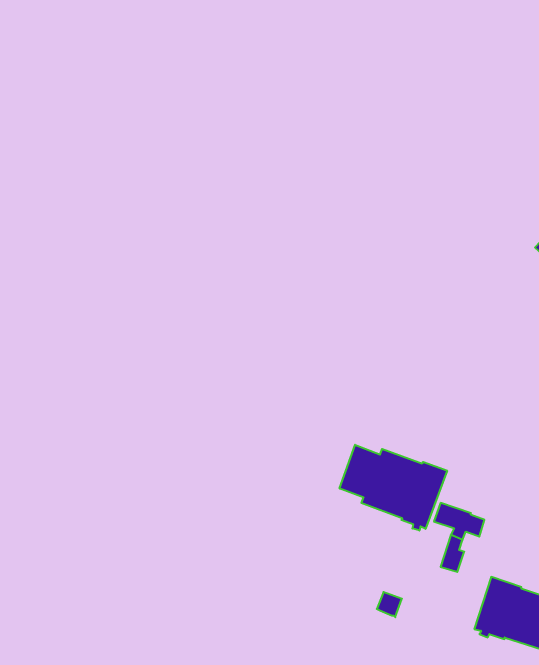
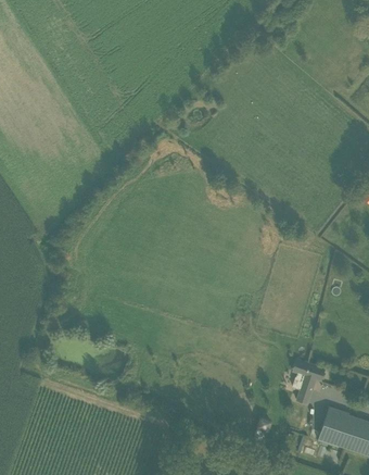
building: [340,445,447,531] -> none

